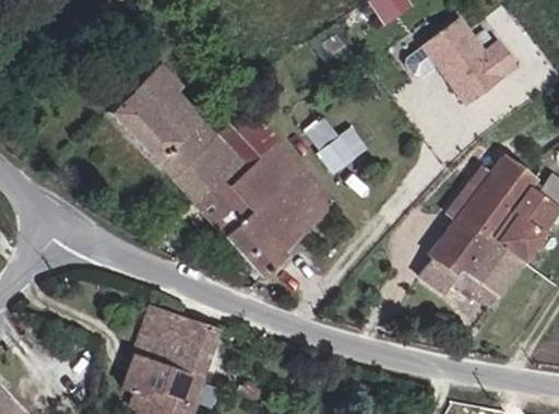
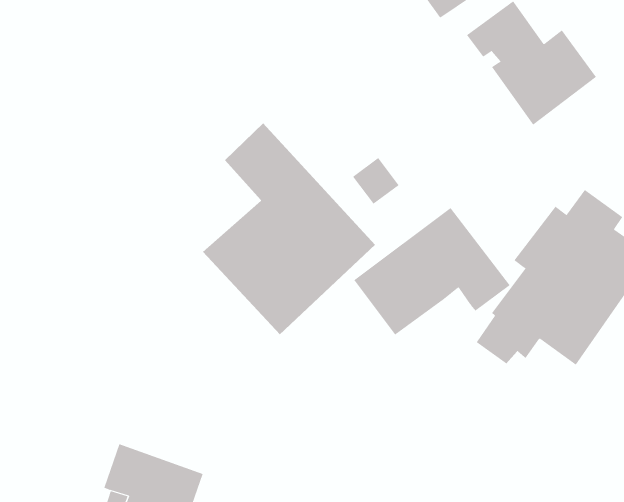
building: [112,63,248,206] -> none
building: none -> [353,207,510,335]
building: [136,308,222,381] -> none

